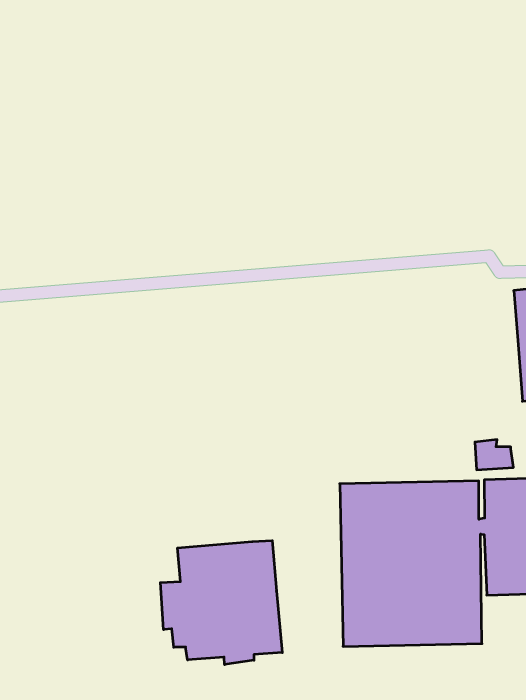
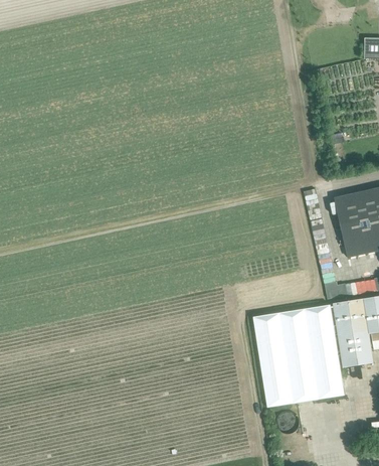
building: [160,541,282,665] -> none

